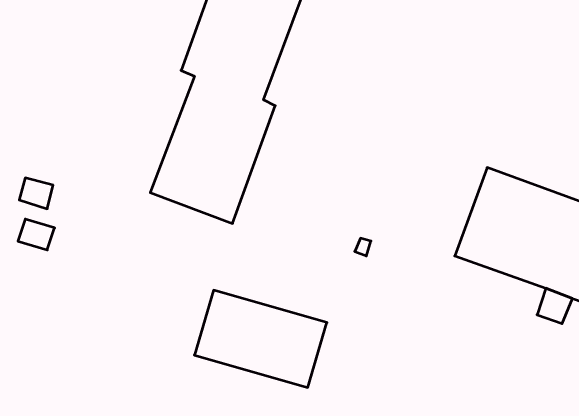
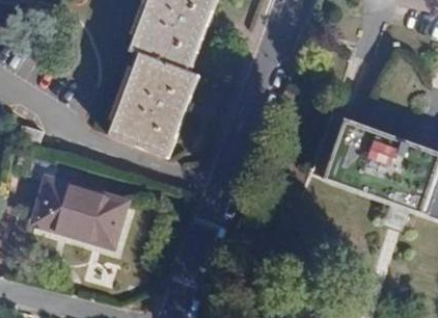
building: [194,290,327,387] -> [33,179,127,247]

